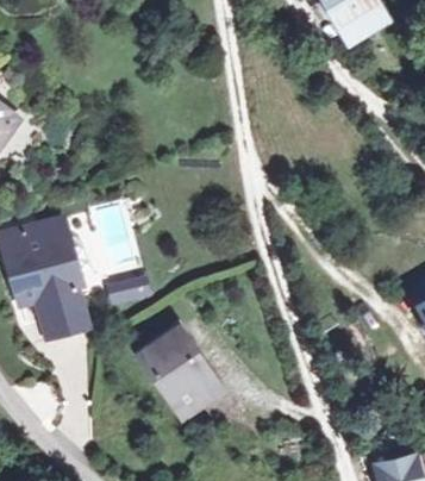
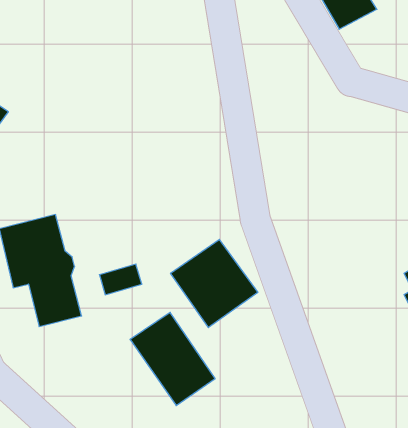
building: none -> [171,239,258,328]

